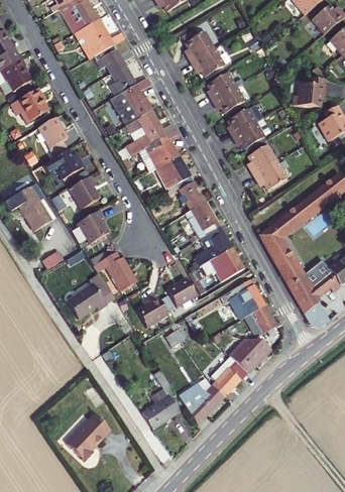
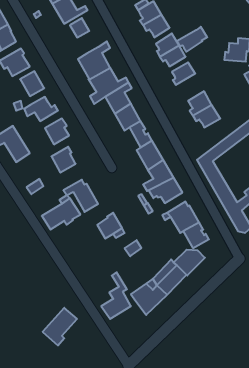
building: [110,67,136,95] -> none
building: [234,116,272,147] -> [177,27,207,52]
building: [165,279,195,307] -> none

